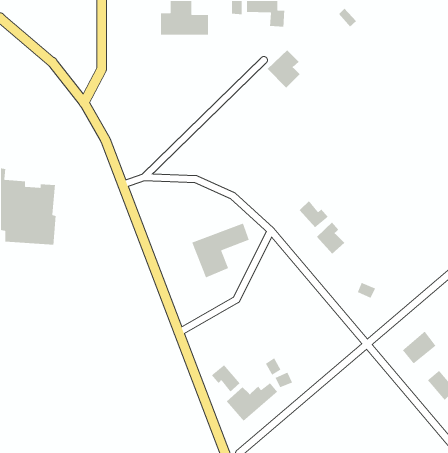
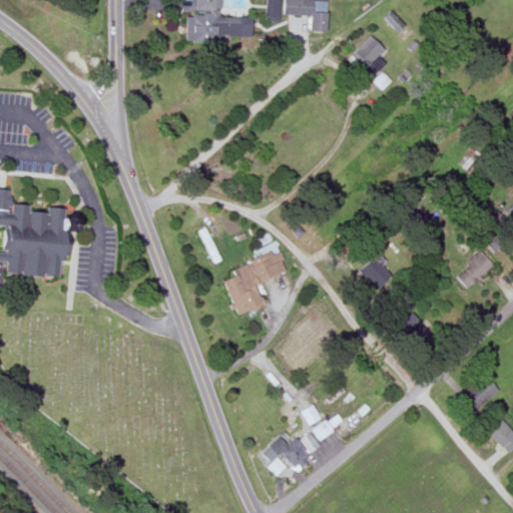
building: [267,49,300,88] -> [348,35,386,79]
building: [299,200,329,228] -> none
building: none -> [455,251,495,290]
building: [211,364,241,393] -> none

